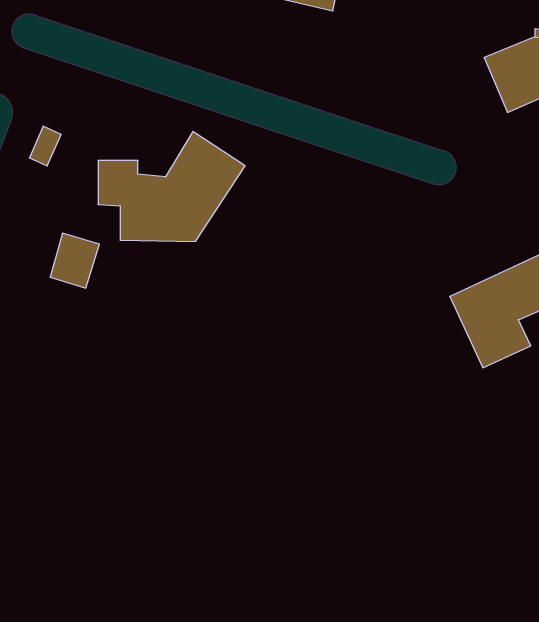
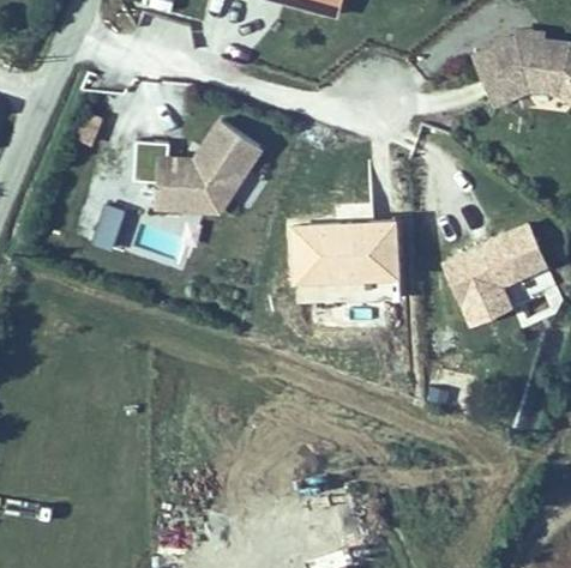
building: none -> [293,219,403,308]

